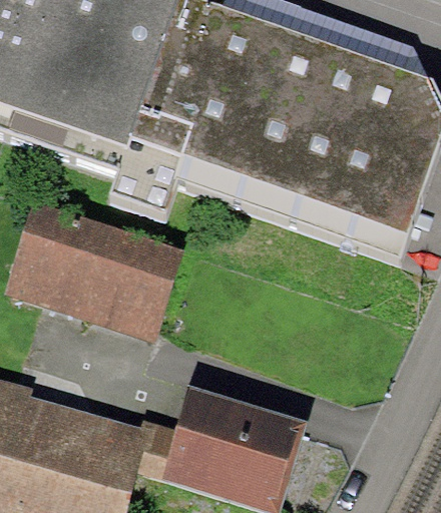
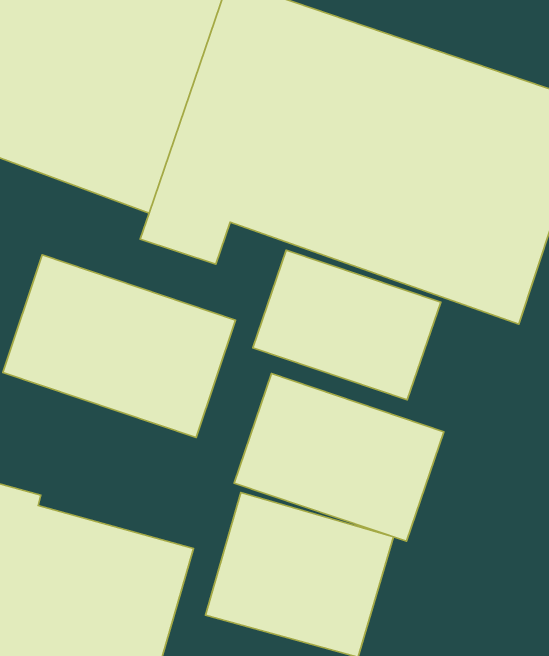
building: none -> [253,250,441,400]
building: none -> [234,374,444,541]

